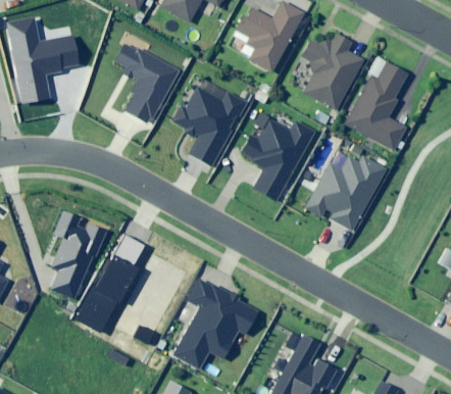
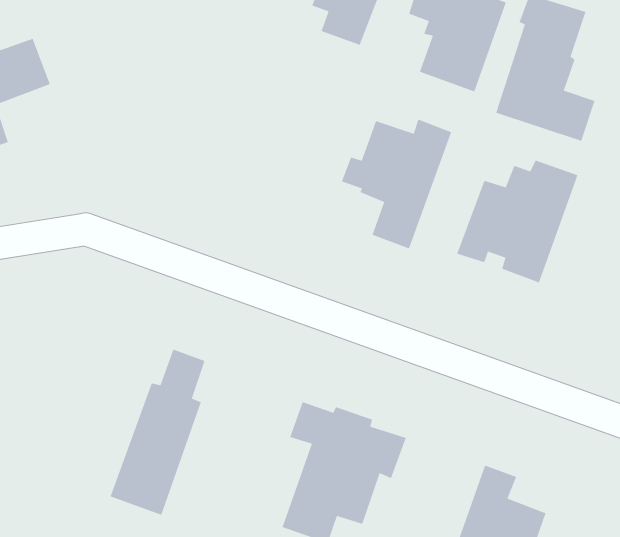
building: [114,43,180,121] -> none
building: [174,84,247,165] -> none
building: [51,211,105,297] -> none

